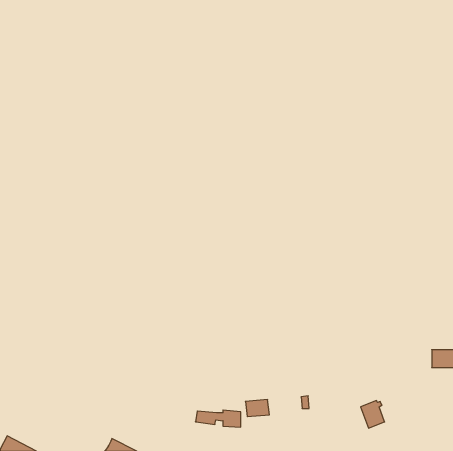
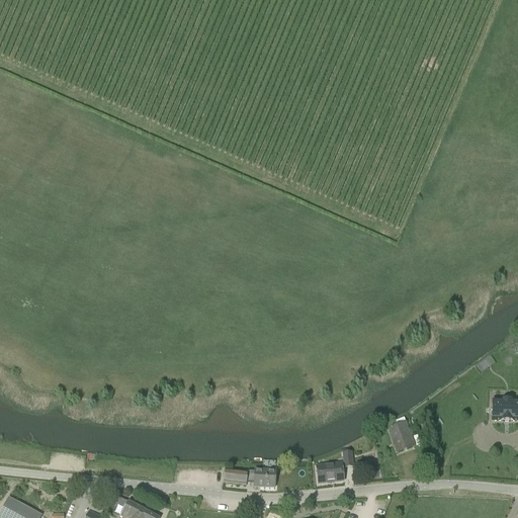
building: [245,400,269,417] -> [317,462,344,482]
building: [361,401,385,428] -> [387,420,415,451]

